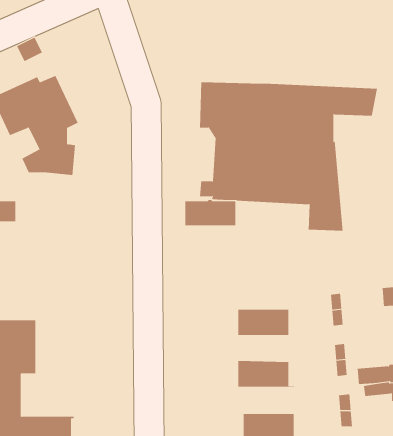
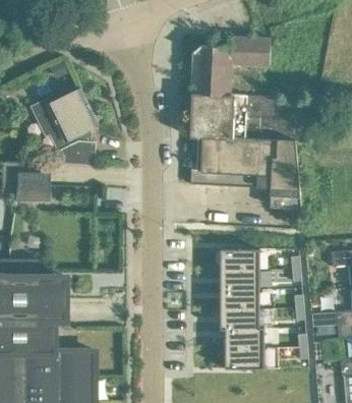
building: none -> [190,36,270,94]
building: [185,199,236,226] -> [219,247,258,268]
building: none -> [219,288,258,308]
building: none -> [219,328,262,348]

